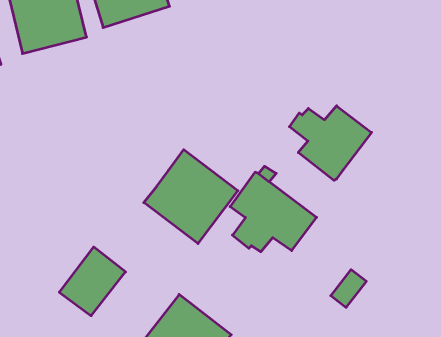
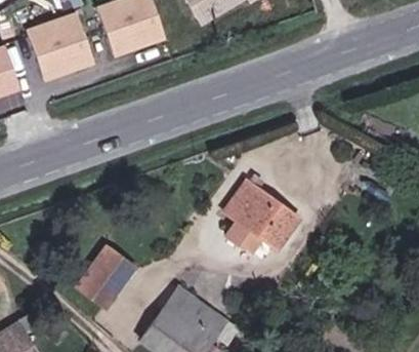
building: [289,106,372,180] -> none
building: [144,150,238,244] -> none

